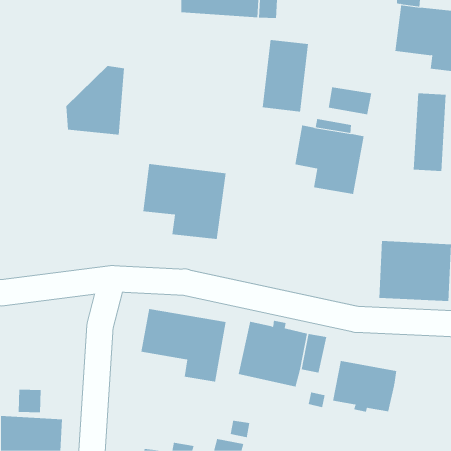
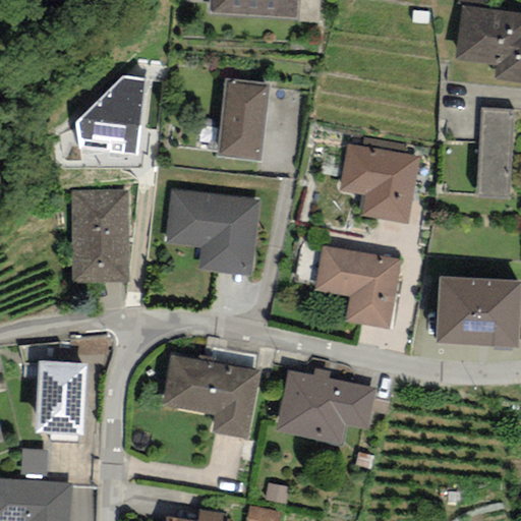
building: [262,40,309,112] -> [217,78,271,162]
building: [328,87,372,115] -> none
building: none -> [72,190,129,282]
building: none -> [314,245,401,330]
building: none -> [36,360,88,436]
building: [333,360,397,412] -> none

